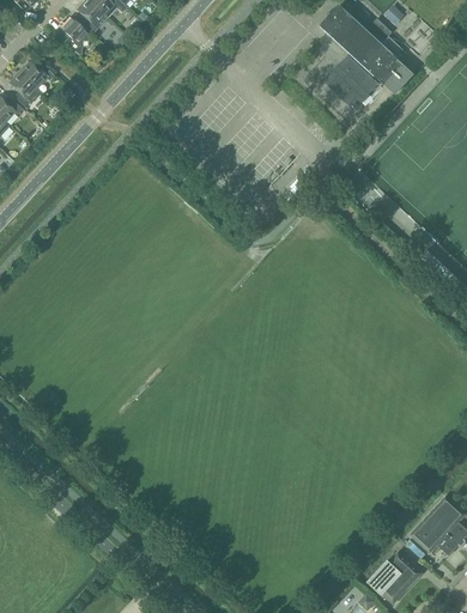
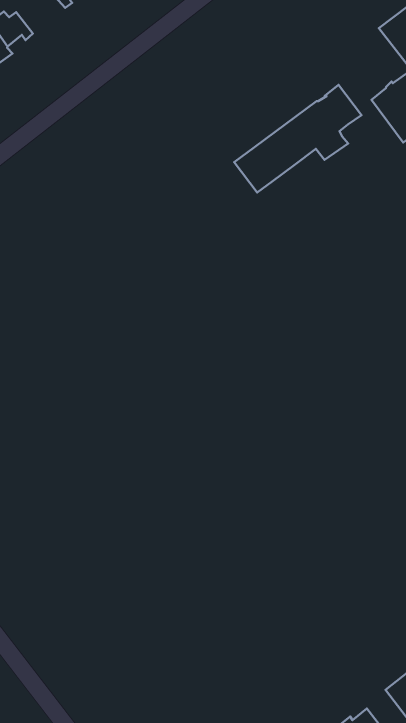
building: none -> [234,85,361,192]

